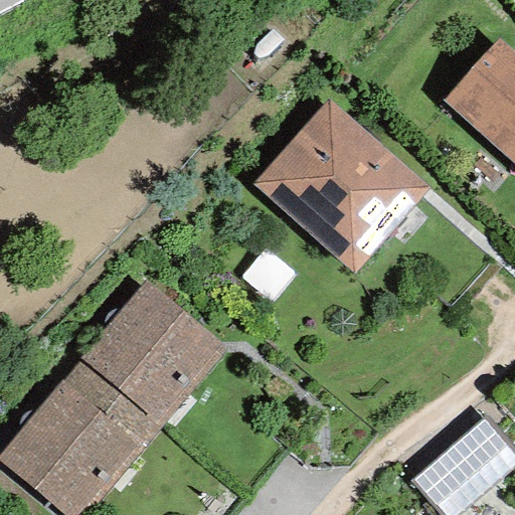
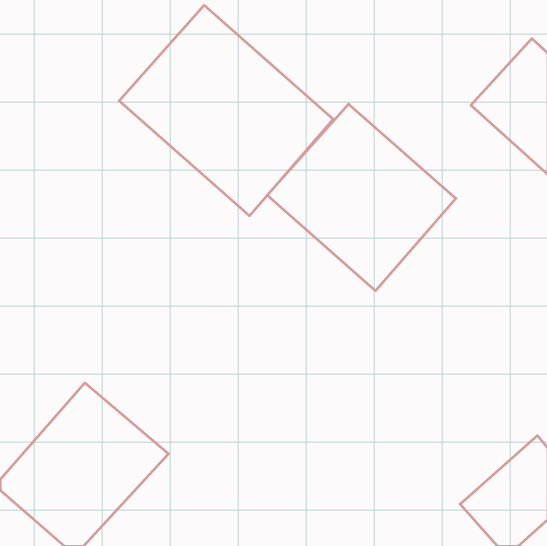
building: none -> [119,5,333,216]
building: [77,279,225,425] -> none

